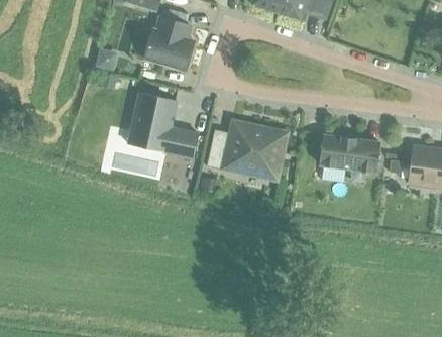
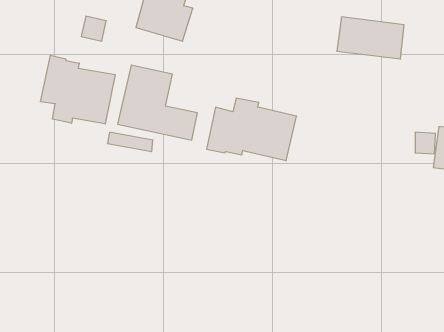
building: none -> [41,55,115,124]
building: [320,134,379,172] -> [337,17,404,59]

